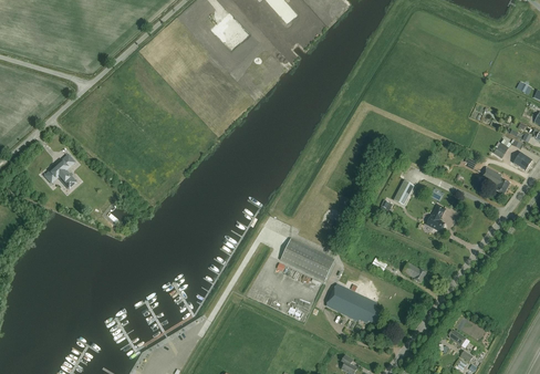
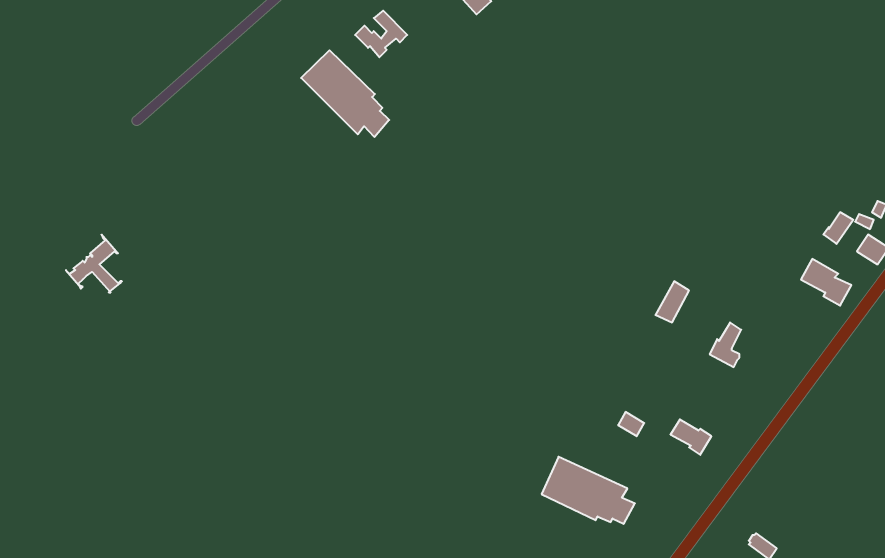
building: none -> [301,50,389,137]
building: [279,239,334,281] -> none

